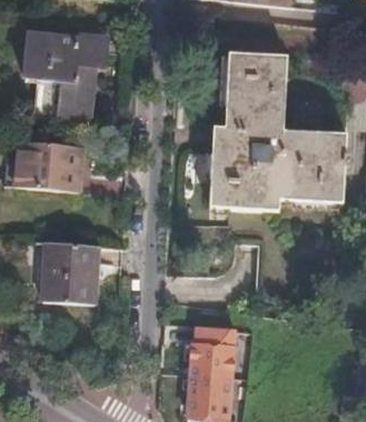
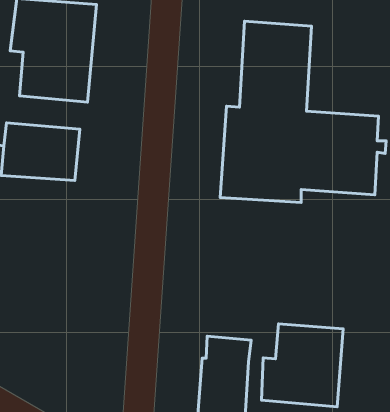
building: [44,239,98,301] -> none
building: none -> [261,324,343,407]

